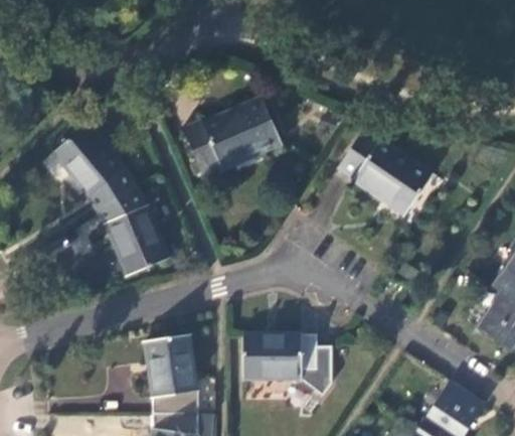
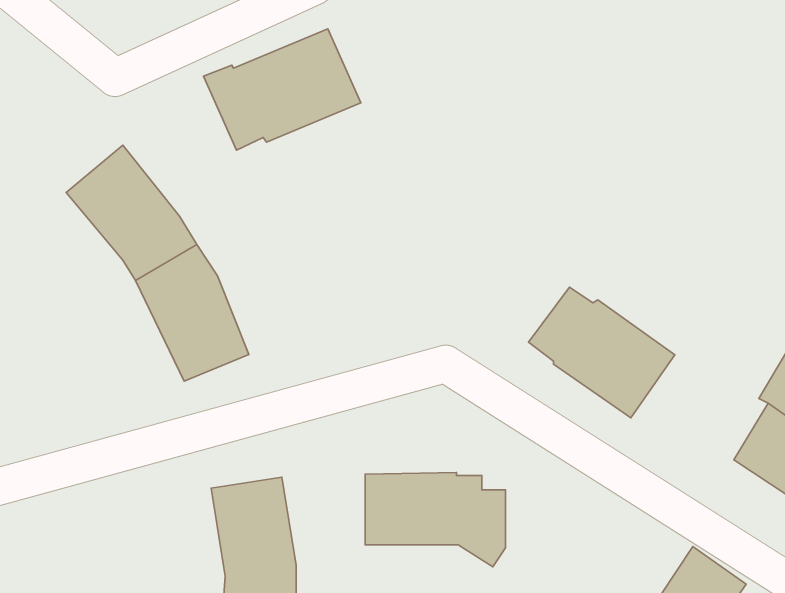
building: [182,98,283,175] -> [203,29,361,150]
building: [337,131,431,214] -> [528,287,675,418]

